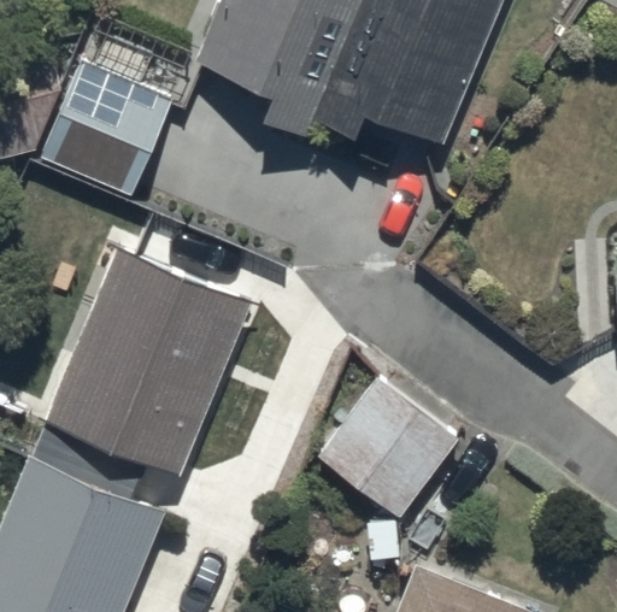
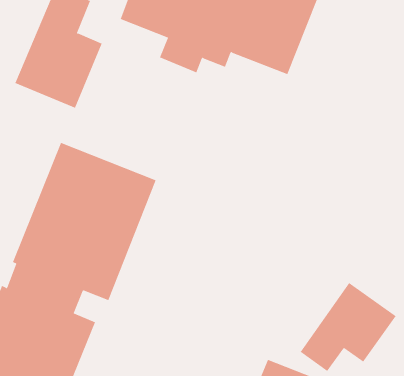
building: [317,376,463,519] -> none
building: none -> [300,282,397,372]

